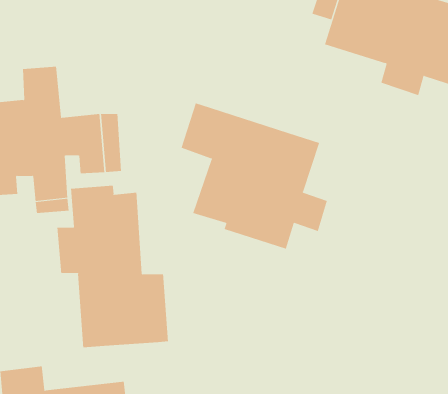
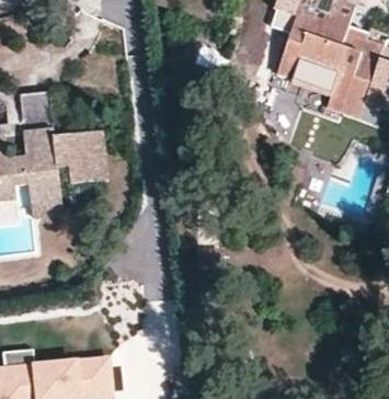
building: [181,103,327,250] -> none
building: [57,185,169,348] -> none

